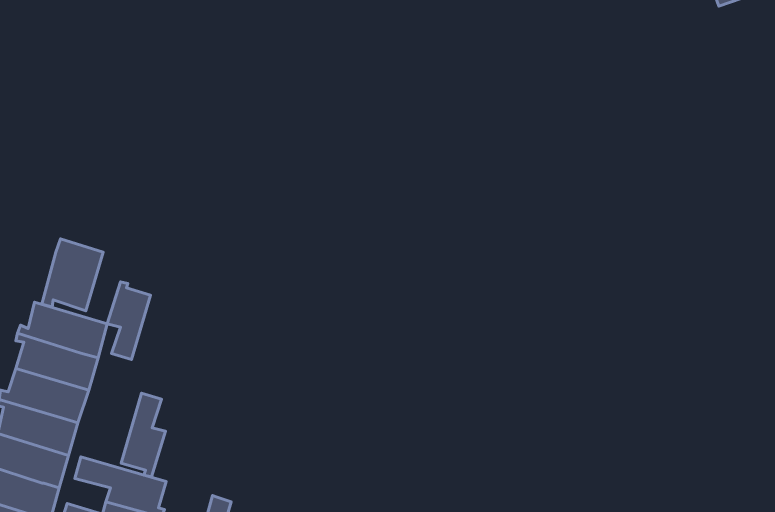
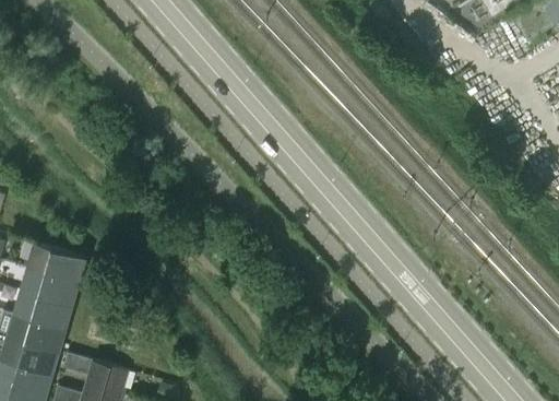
building: [42,239,103,311] -> none
building: [107,282,151,360] -> none
building: [121,393,165,477] -> none

